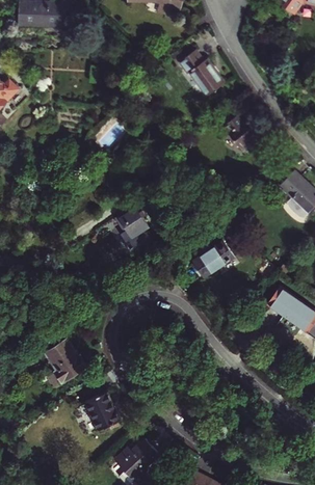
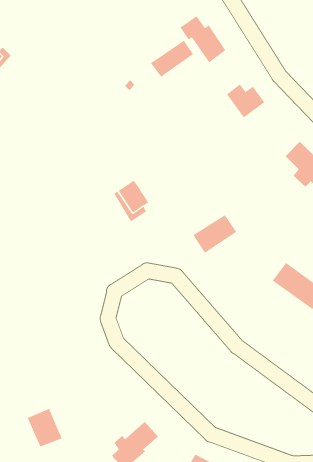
building: none -> [150,40,194,78]
building: [45,338,87,381] -> none
building: [85,392,120,429] -> [27,408,63,447]

